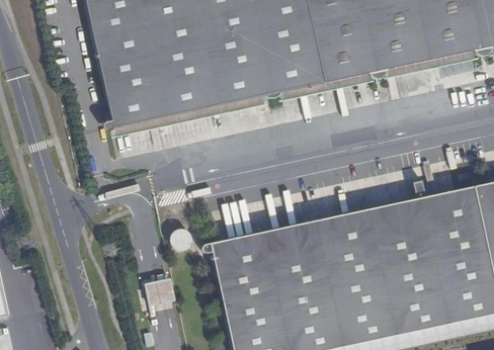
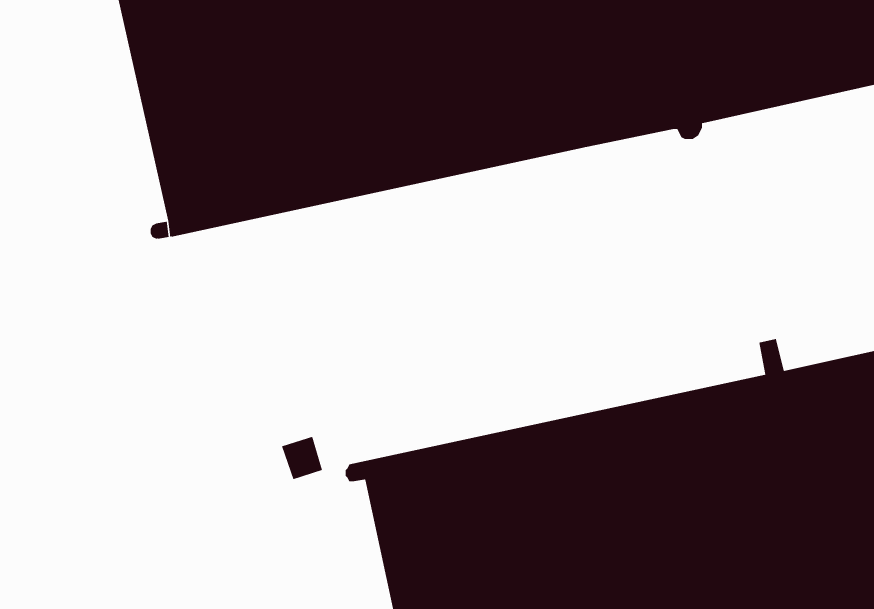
building: [148,278,178,305] -> none

